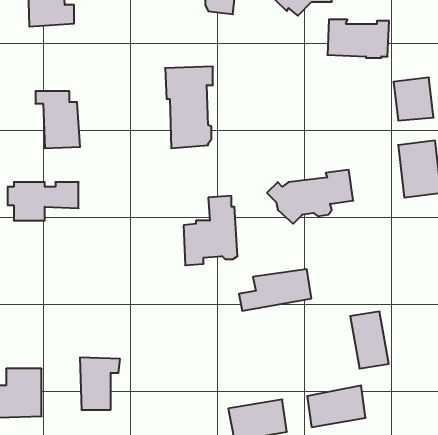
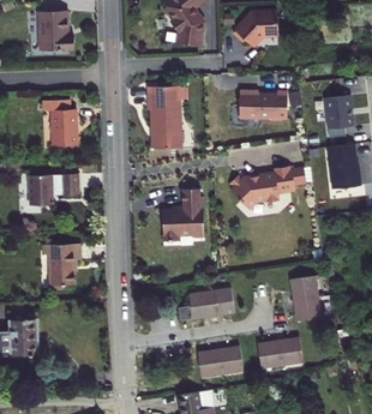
building: [327,19,389,58] -> [238,91,286,121]
building: [239,269,311,311] -> [176,288,233,320]
building: [80,357,120,410] -> [50,247,82,288]

